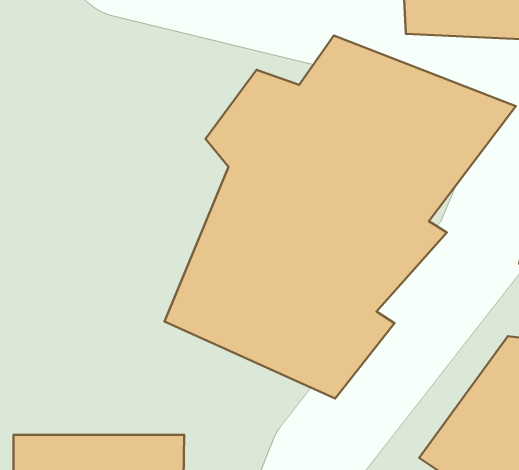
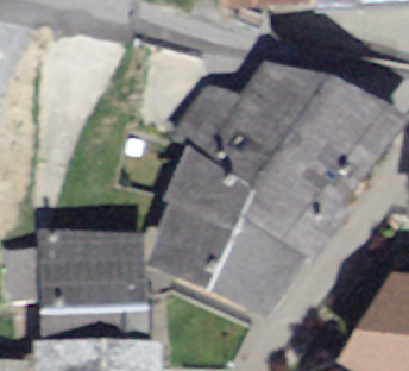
building: none -> [43,233,145,309]

